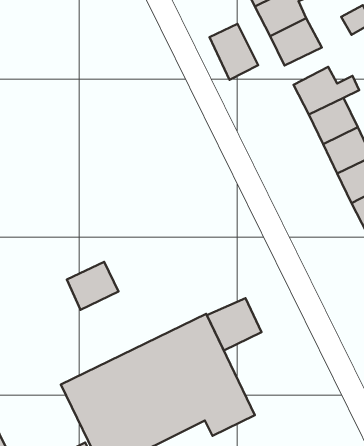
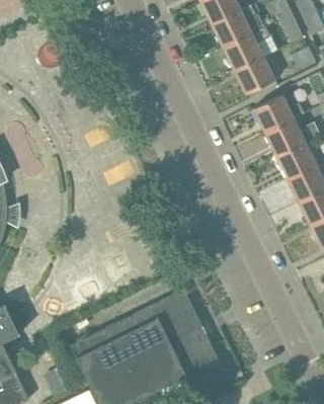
building: [210,24,258,80] -> none
building: [67,262,119,310] -> none
building: [207,298,262,351] -> none

